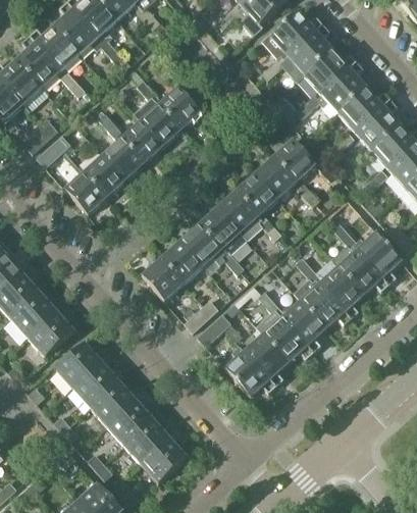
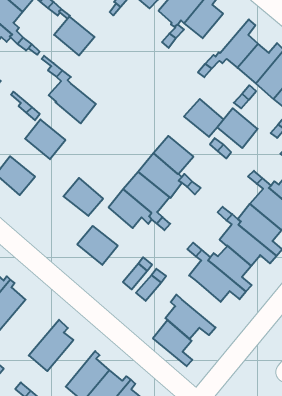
building: [305,52,357,94] -> none
building: [158,87,201,130] -> [54,17,95,55]
building: [120,121,162,163] -> none
building: [83,156,124,198] -> none
building: [254,156,297,200] -> [217,108,258,148]
building: [160,242,202,284] -> [63,178,103,216]
building: [244,334,284,386] -> [153,320,192,366]
building: [55,340,110,388] -> none
building: [90,377,144,426] -> none

